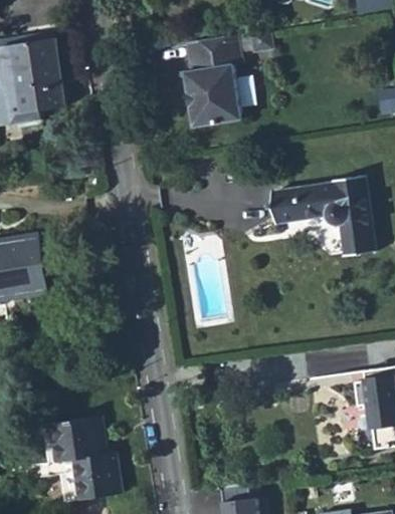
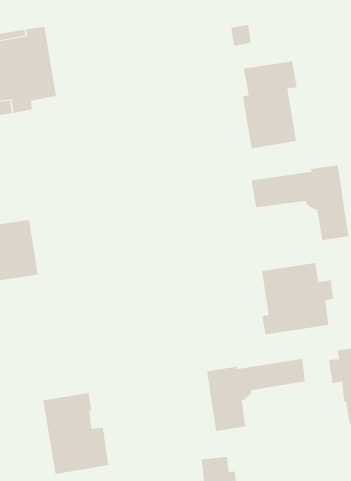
building: [183,35,241,127] -> [242,61,298,149]
building: none -> [262,262,334,335]
building: none -> [206,358,305,432]

